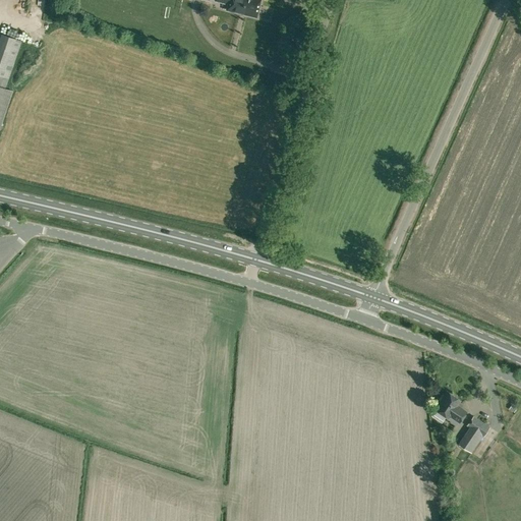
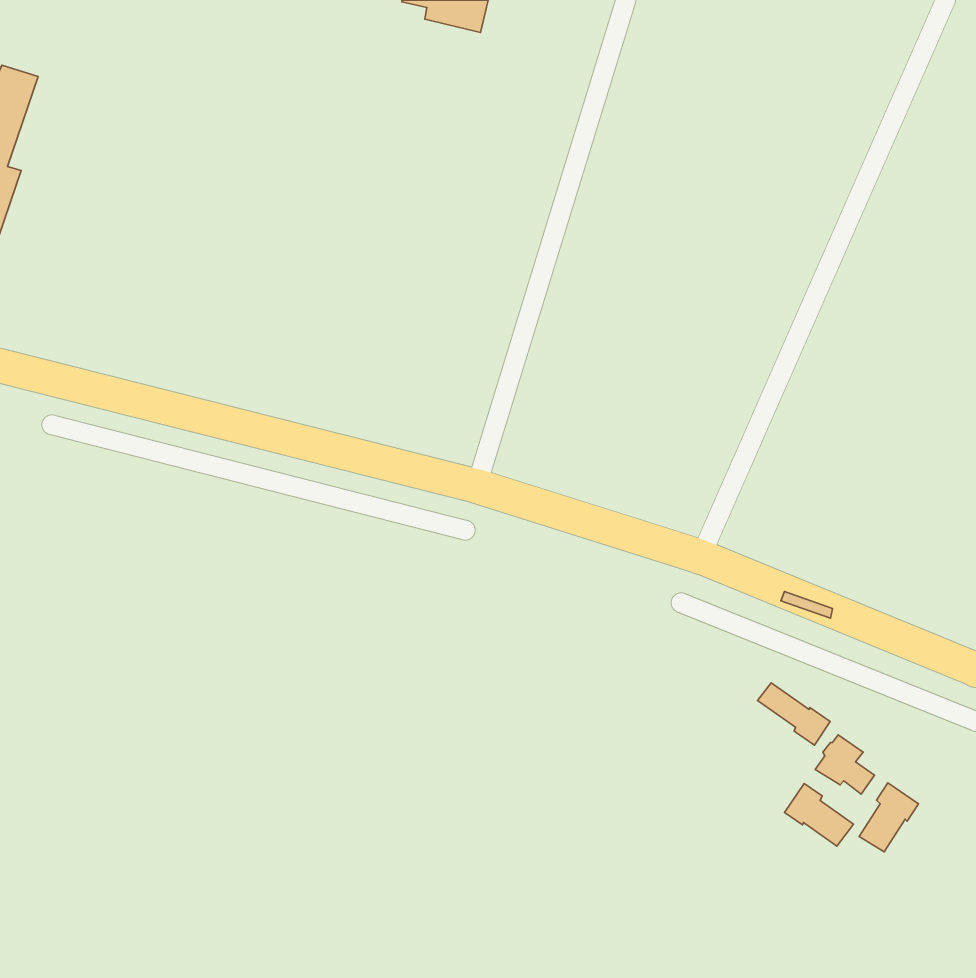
building: none -> [758,683,830,745]
building: none -> [785,783,854,846]

